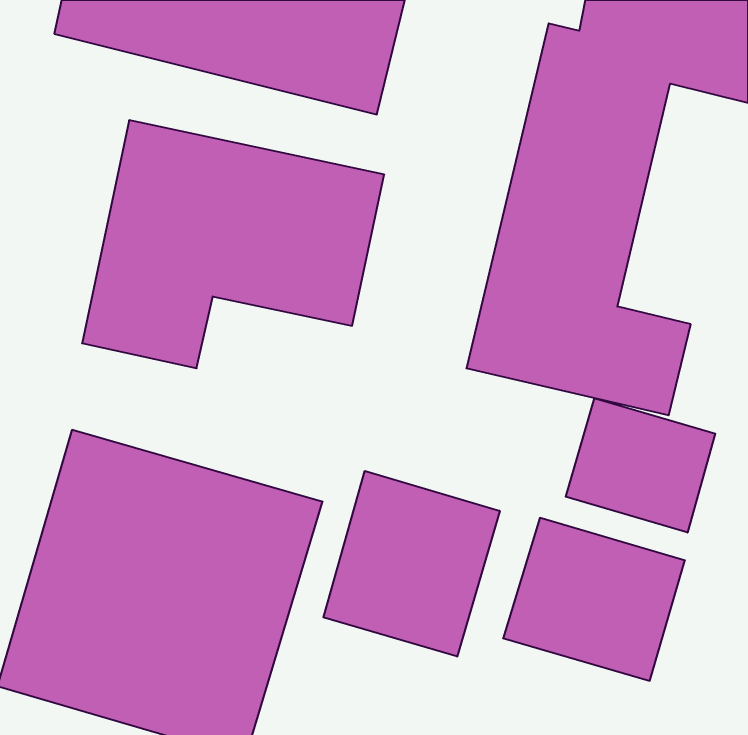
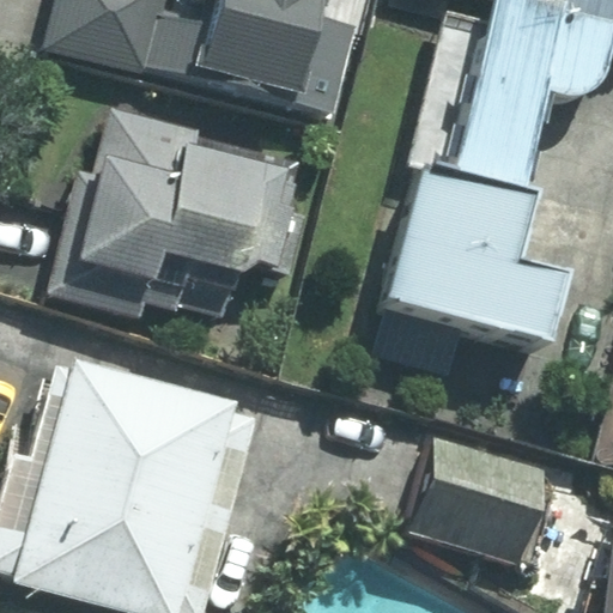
building: [566,398,715,533] -> none
building: [323,471,500,657] -> none

